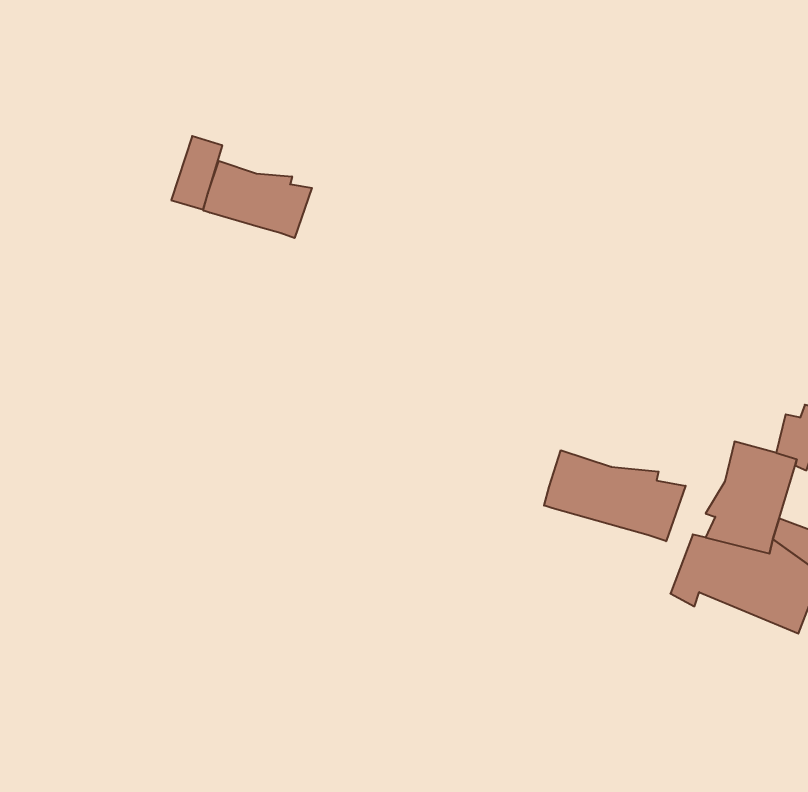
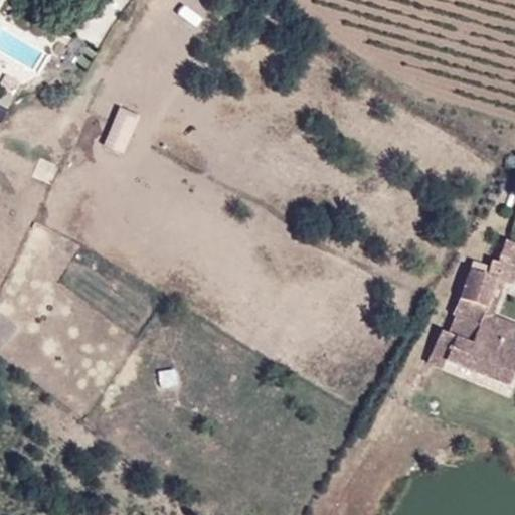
building: [203,161,312,238] -> none
building: [544,450,686,541] -> none

